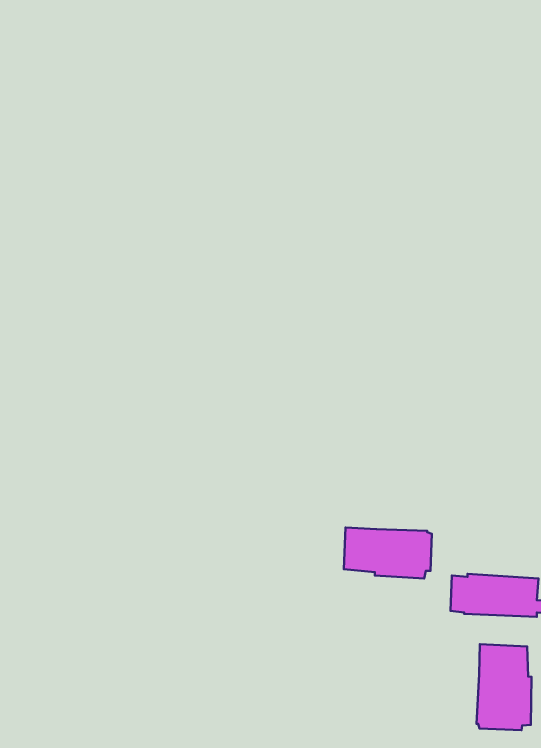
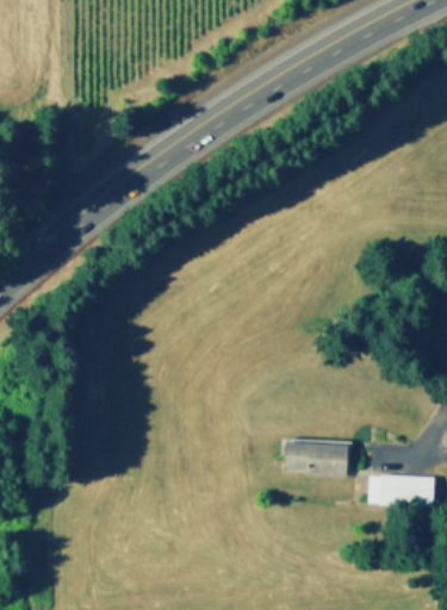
building: [477,644,532,730] -> none

